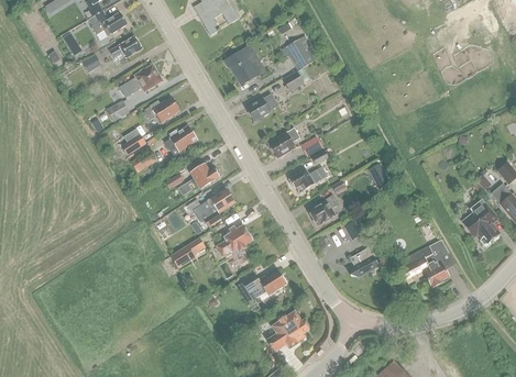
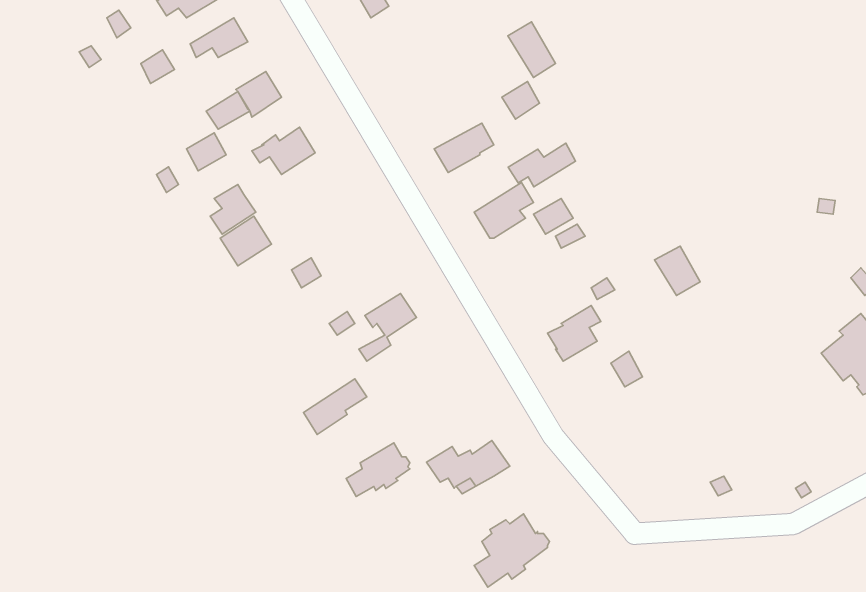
building: [223,44,259,84] -> none
building: [164,125,197,156] -> none
building: [178,163,219,195] -> none
building: [289,165,327,189] -> [508,143,576,187]
building: [217,225,252,255] -> [346,443,410,496]
building: [396,239,449,287] -> none
building: [349,247,377,277] -> none

